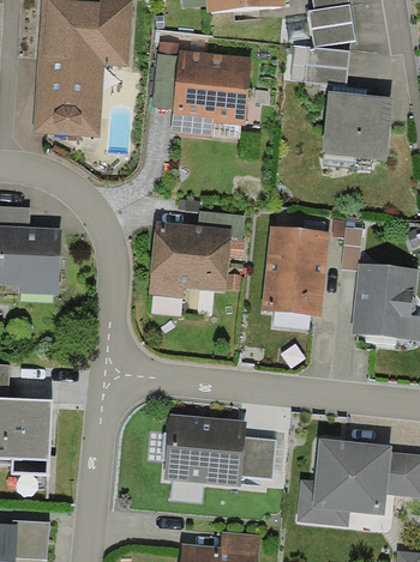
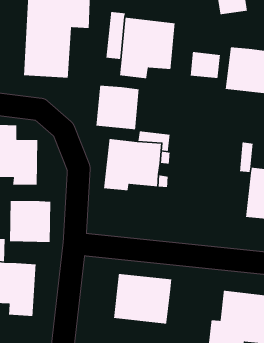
building: [305,47,349,86] -> [190,51,221,79]
building: none -> [96,85,140,130]
building: [262,226,329,316] -> none
building: none -> [9,200,51,243]
building: [240,436,275,479] -> none

